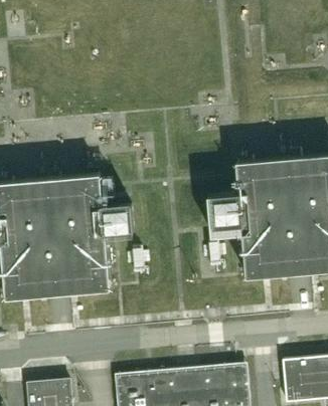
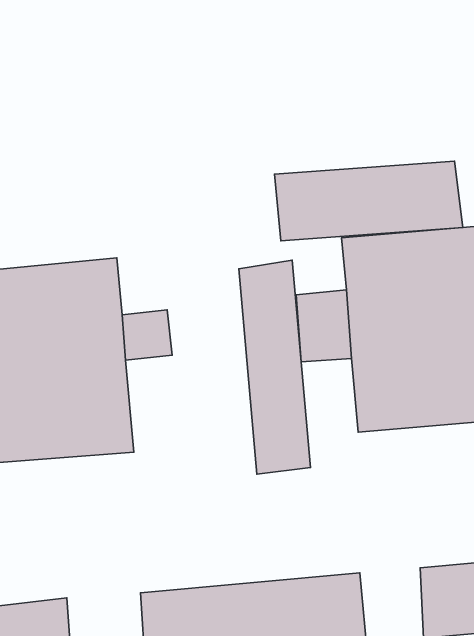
building: none -> [275,161,463,241]
building: none -> [239,260,311,474]

